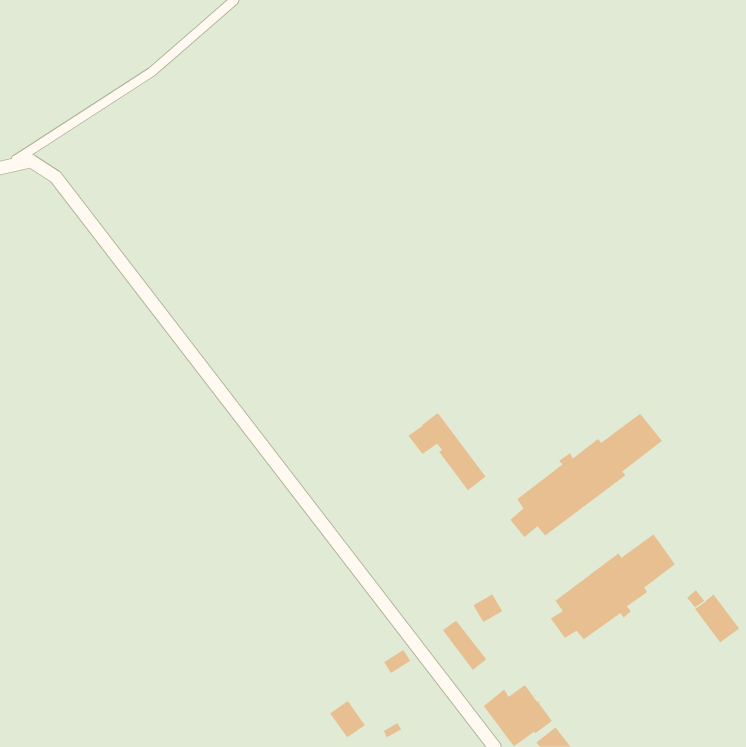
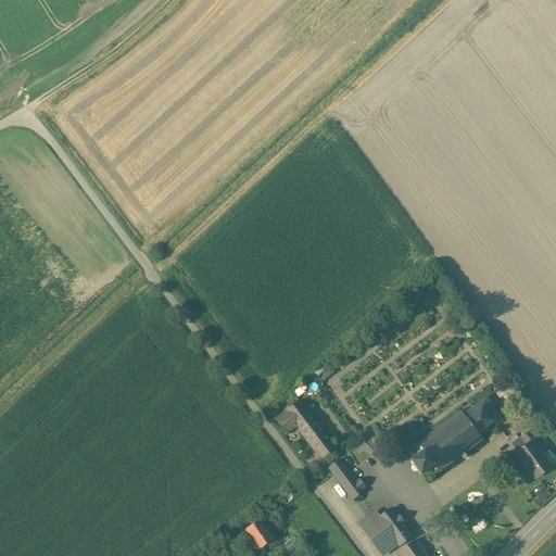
building: [408,412,486,491] -> [275,401,333,459]
building: [509,413,663,538] -> none

